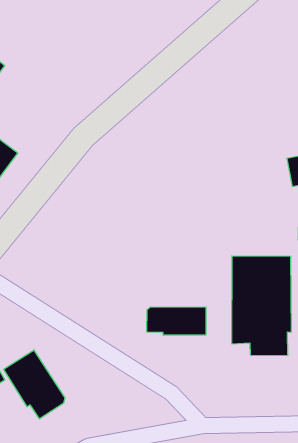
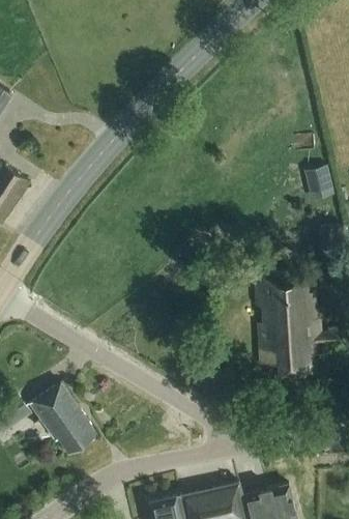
building: [147,307,206,335] -> none

